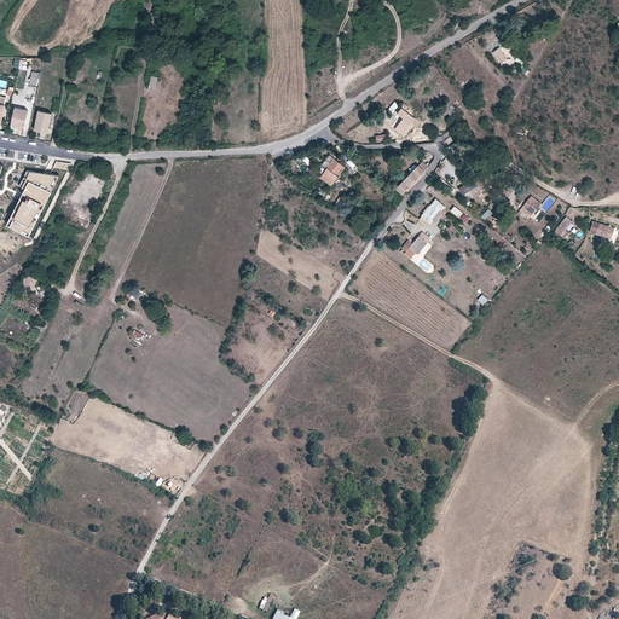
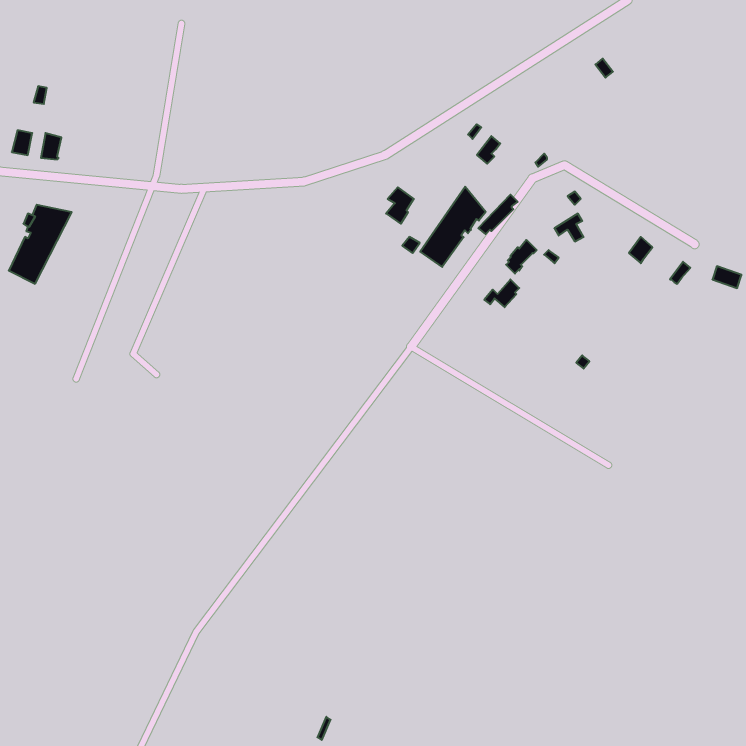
building: none -> [420,187,486,267]

